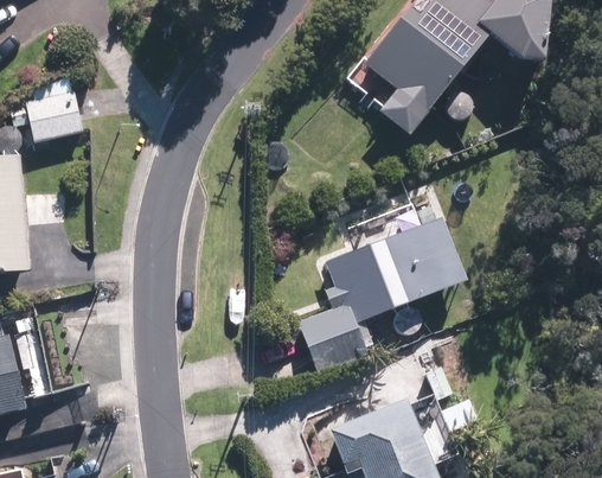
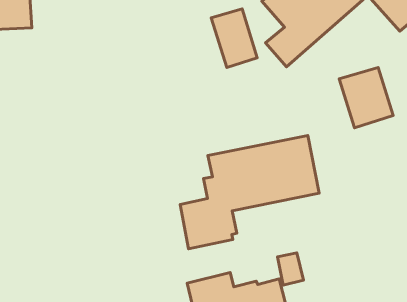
building: none -> [211,9,257,68]
building: none -> [339,67,393,128]

